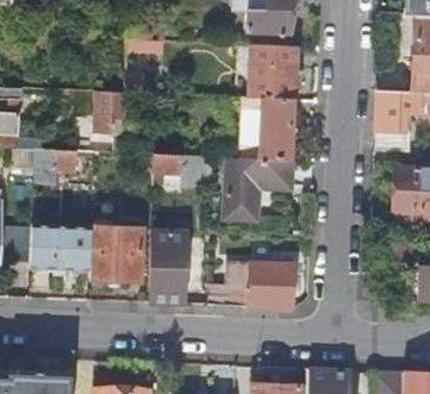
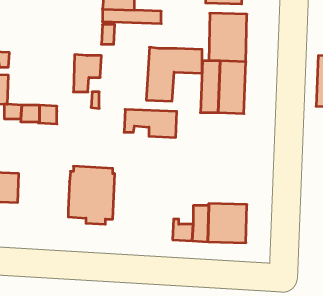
building: [229,156,293,218] -> [146,47,202,101]
building: [154,220,191,304] -> none
building: [31,224,93,269] -> none

